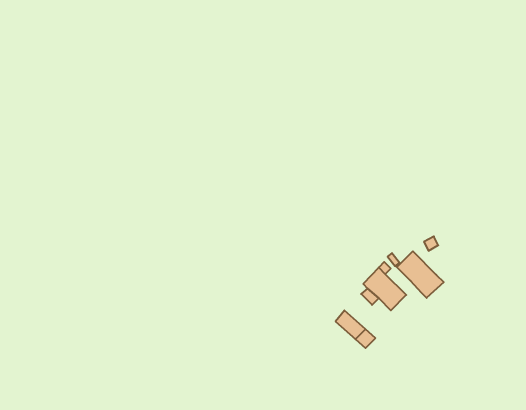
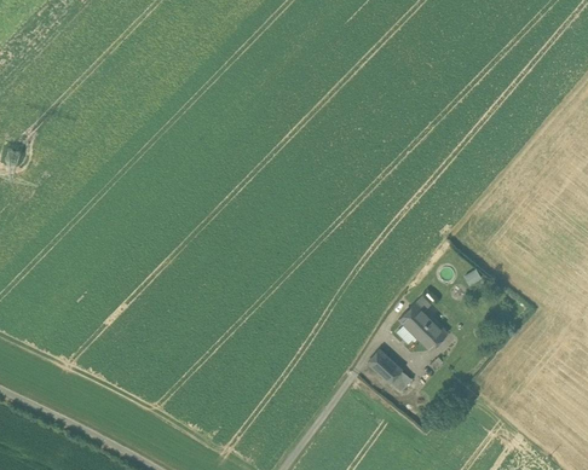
building: [397,251,444,298] -> none

